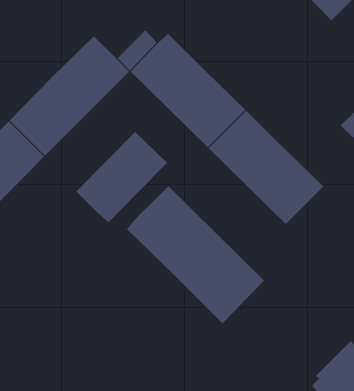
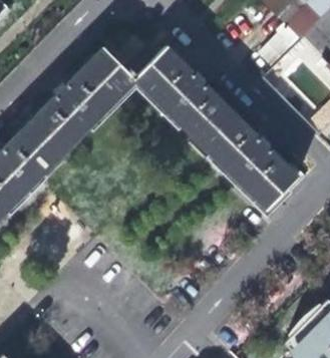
building: [76,131,168,223] -> none
building: [126,186,265,324] -> none

